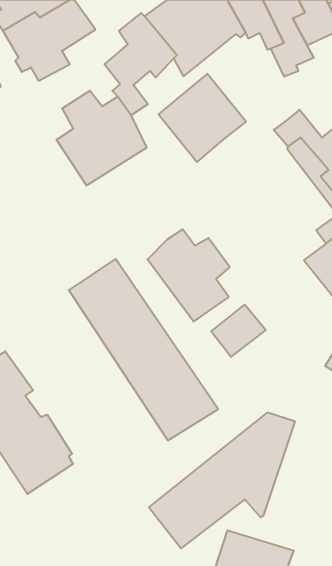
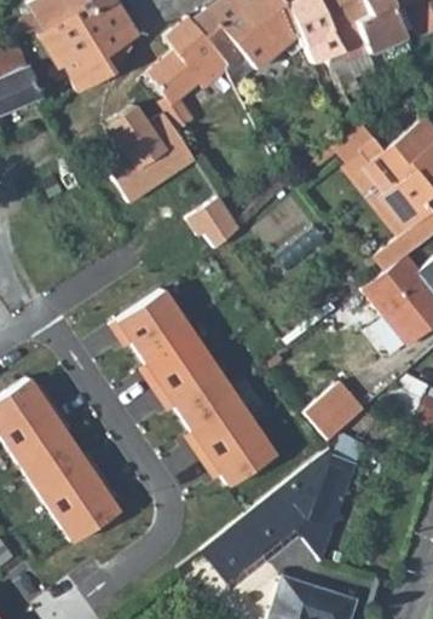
building: [158,74,246,162] -> none
building: none -> [186,195,238,245]
building: [147,229,230,322] -> none
building: [211,305,266,357] -> [301,384,360,441]

